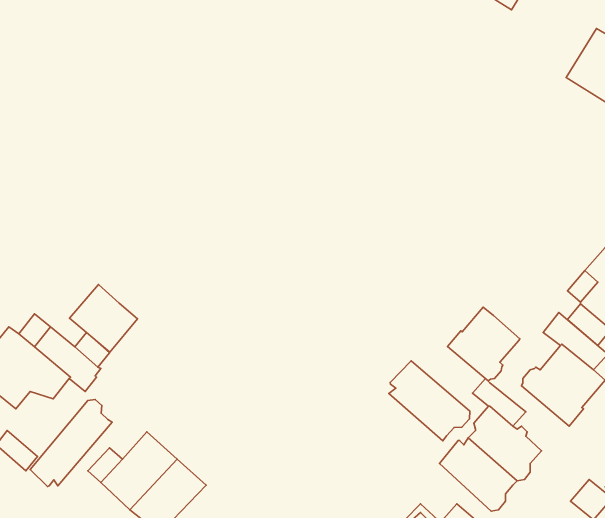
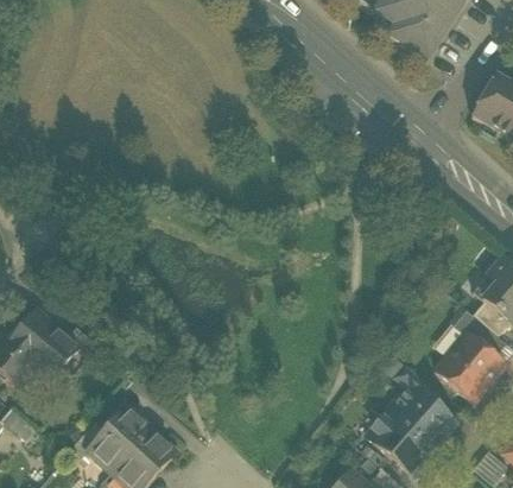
building: [69,284,138,352] -> none
building: [447,307,520,381] -> none
building: [389,361,470,441] -> none
building: [30,399,112,487] -> none

